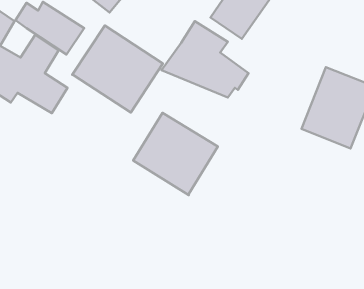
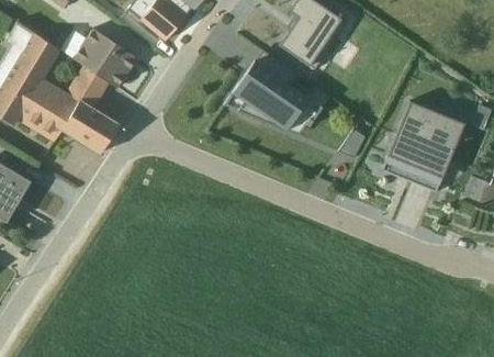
building: [72,25,163,112] -> none
building: [133,113,218,195] -> none

